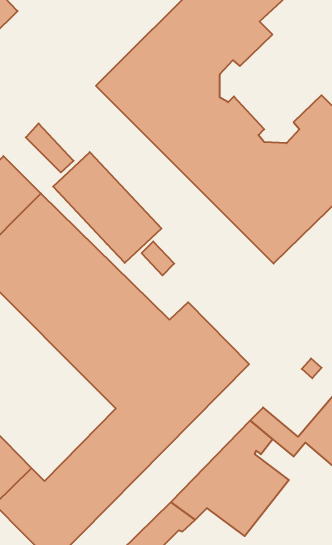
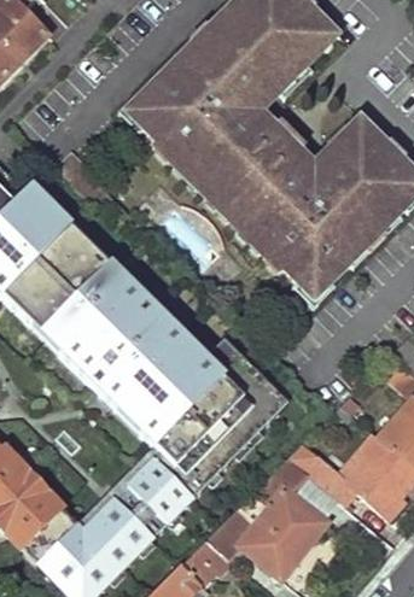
building: [53,152,161,263] -> none

